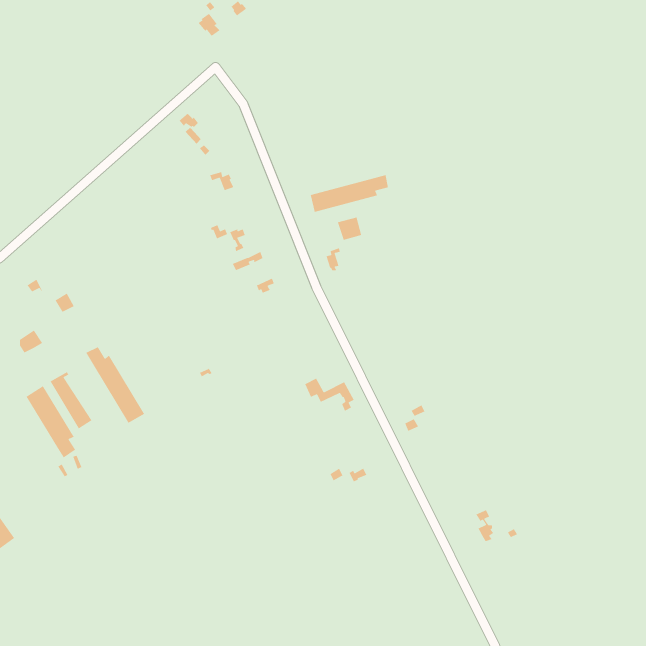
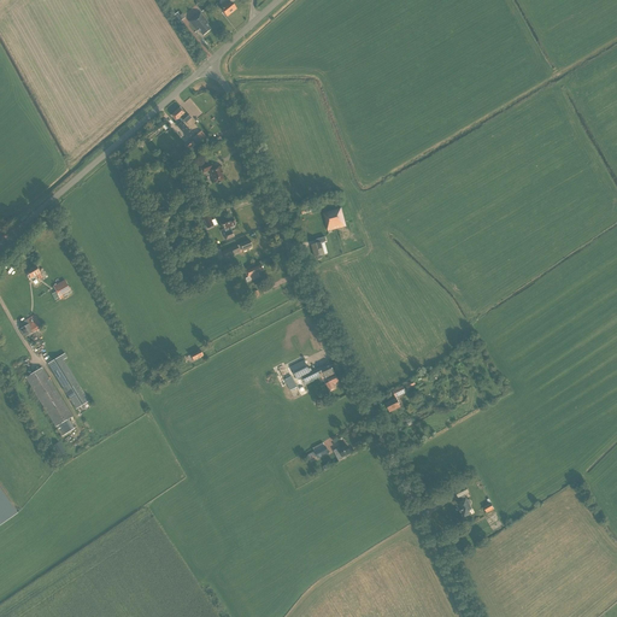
building: [310,174,389,213] -> none
building: [85,346,145,424] -> none

